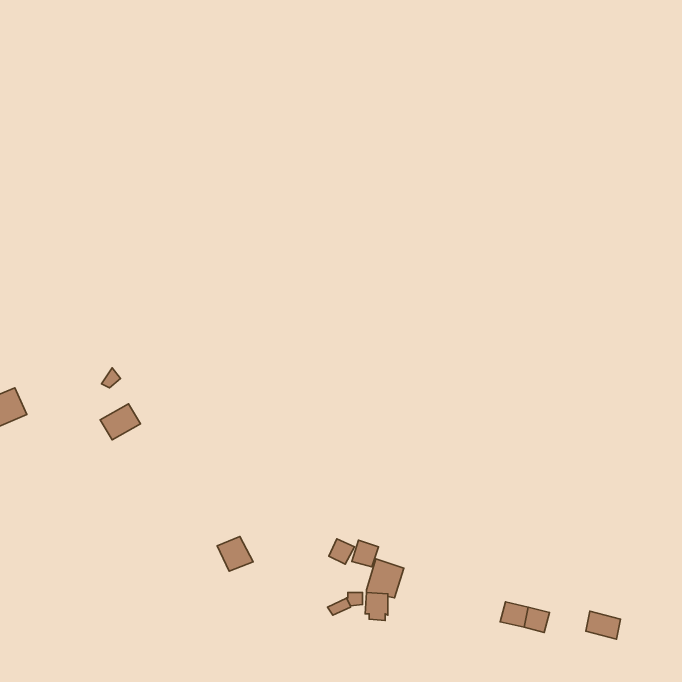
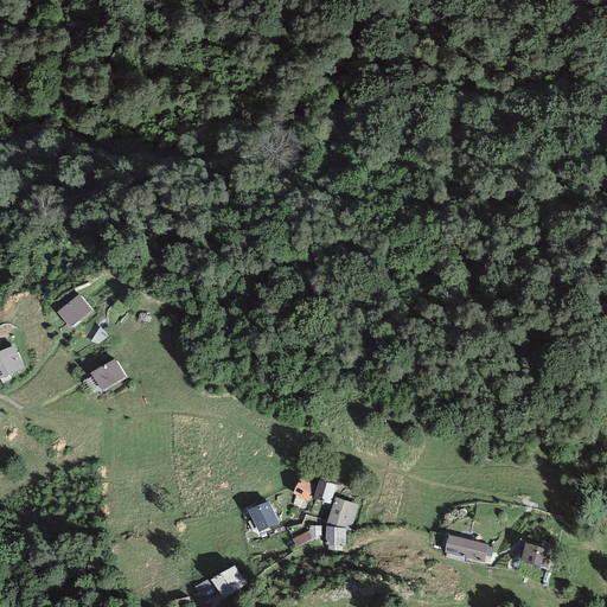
building: none -> [56,293,91,327]
building: [217,537,253,571] -> [247,500,279,531]
building: none -> [210,564,245,598]

